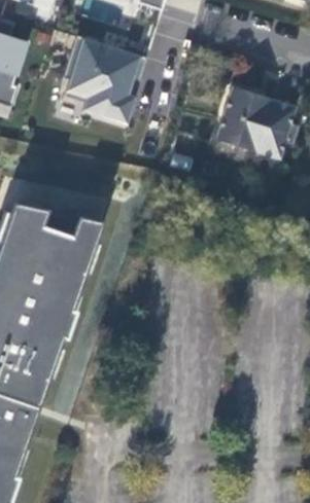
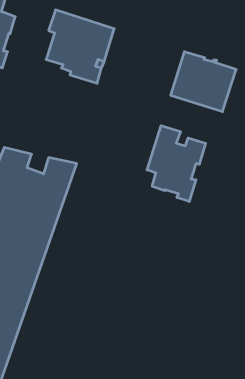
building: none -> [147,126,206,202]

